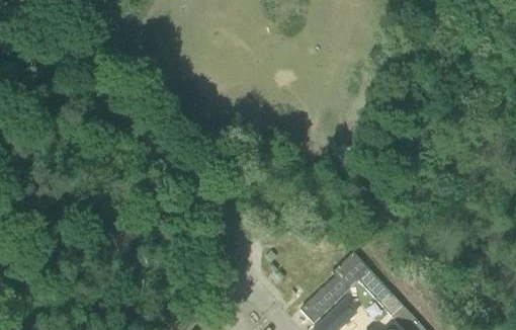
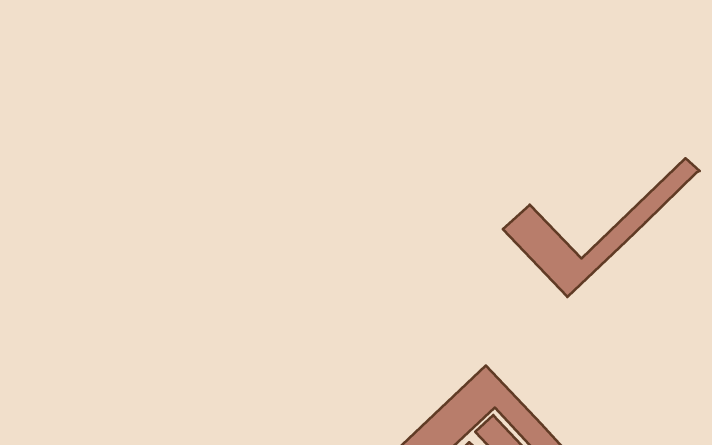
building: none -> [503,158,700,297]

